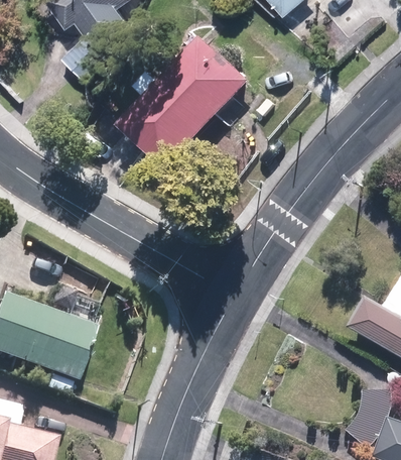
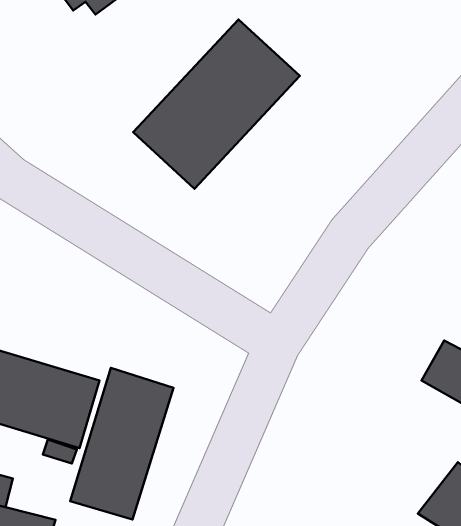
building: none -> [70,368,173,519]

